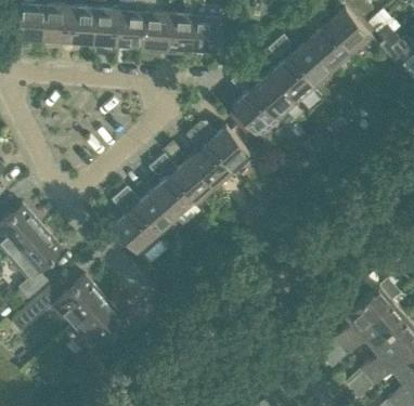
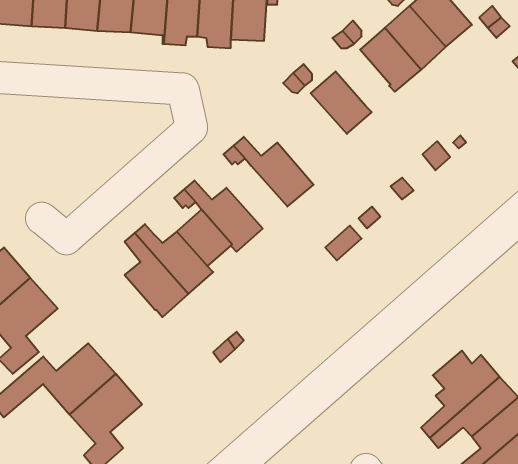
building: [269,57,310,100] -> none
building: [231,90,277,137] -> none
building: [187,144,233,191] -> none

